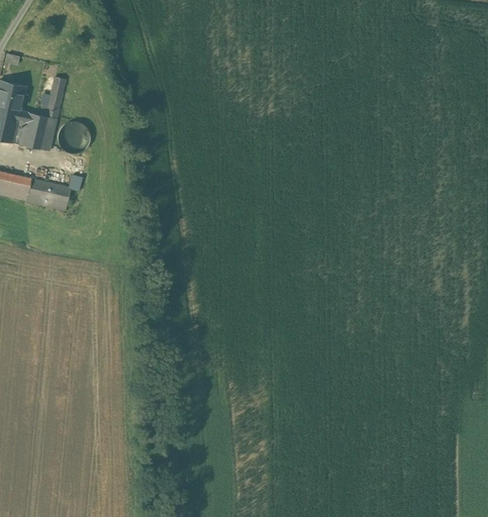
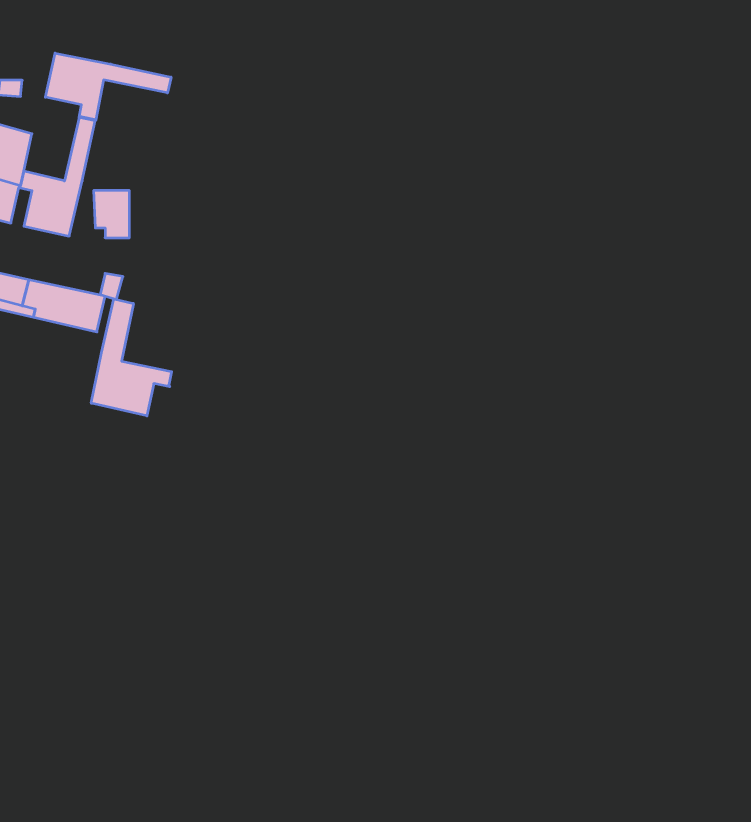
building: none -> [45,53,171,120]
building: none -> [91,299,172,416]

